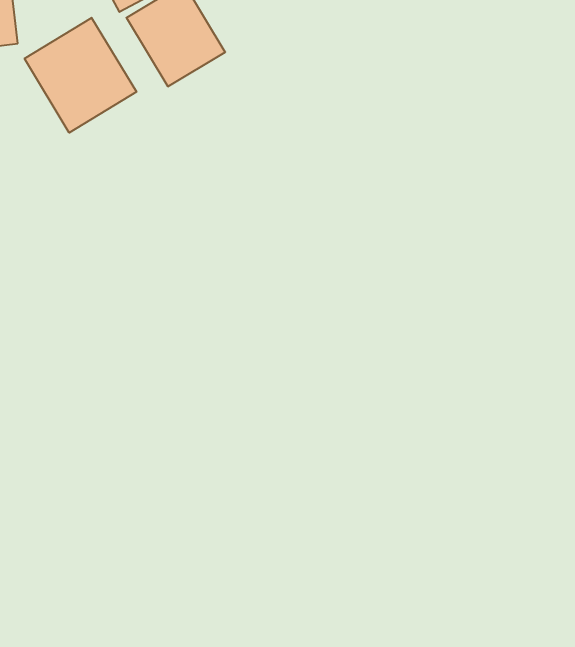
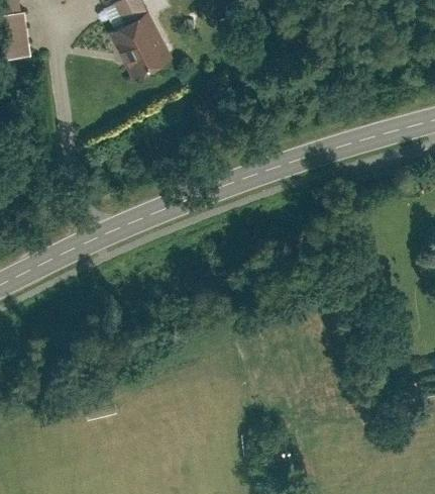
building: [25,18,136,133] -> none

